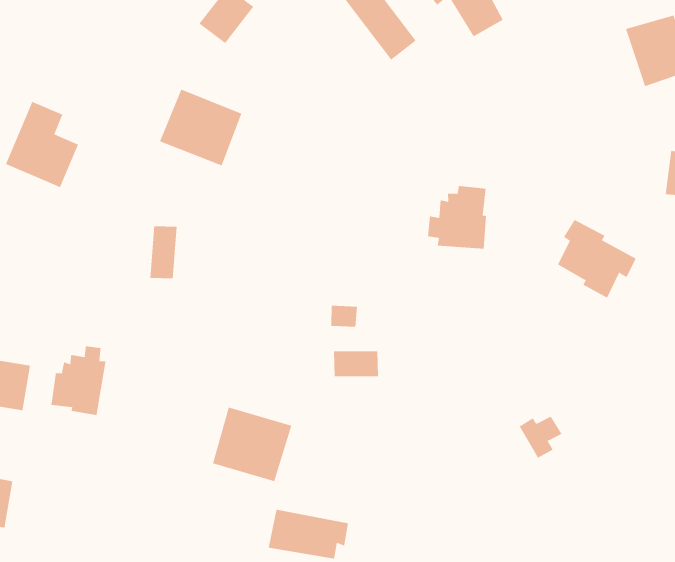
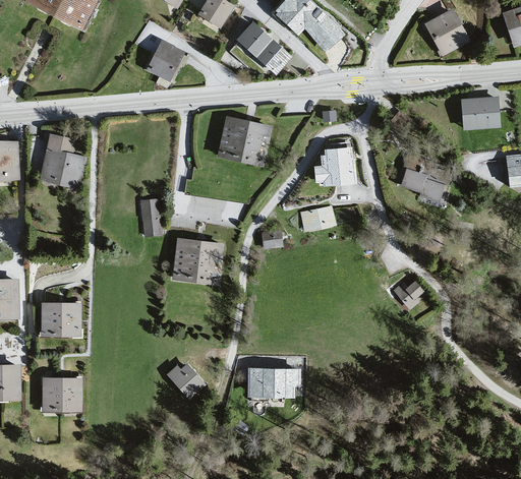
building: [159,89,242,166] -> [220,118,270,163]
building: [51,345,106,416] -> none
building: [333,351,379,377] -> [303,207,335,229]
building: [212,407,292,482] -> [175,239,222,282]
building: none -> [168,365,204,397]

